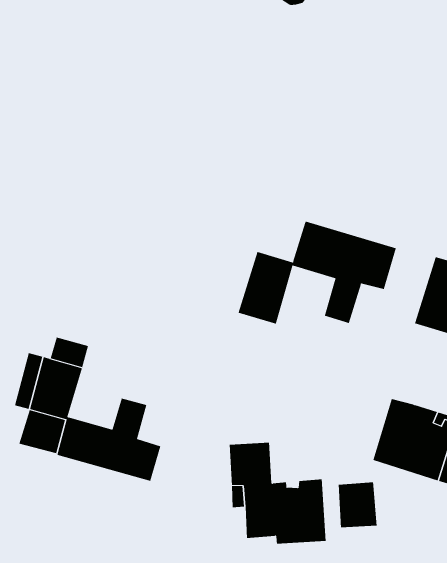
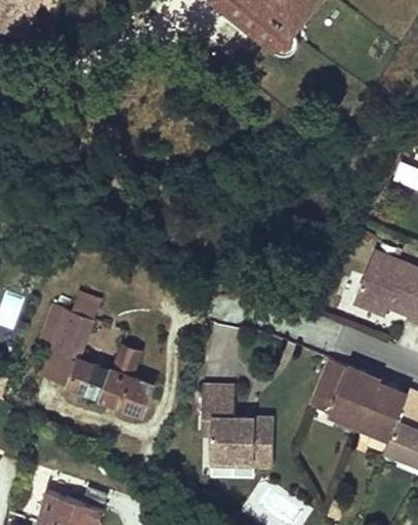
building: [238,221,397,325] -> none
building: [338,482,377,528] -> none

